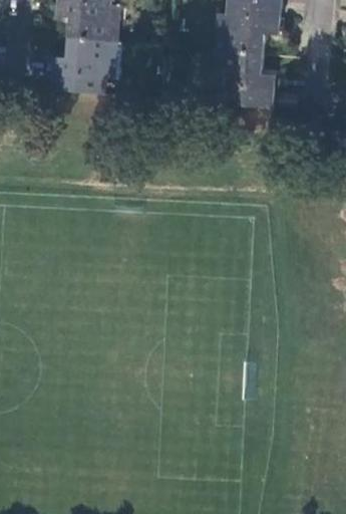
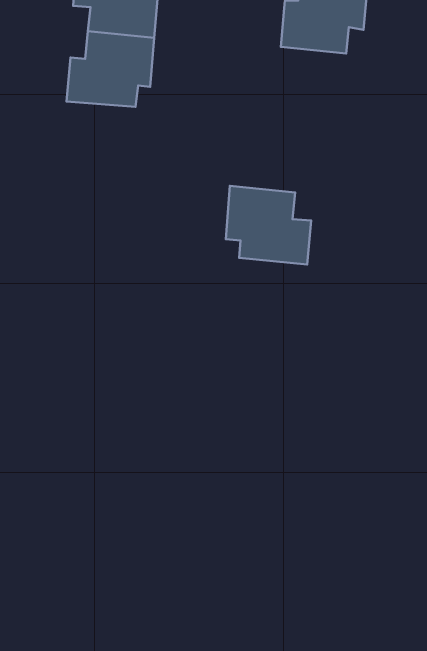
building: [212,46,276,105] -> [226,186,311,264]

